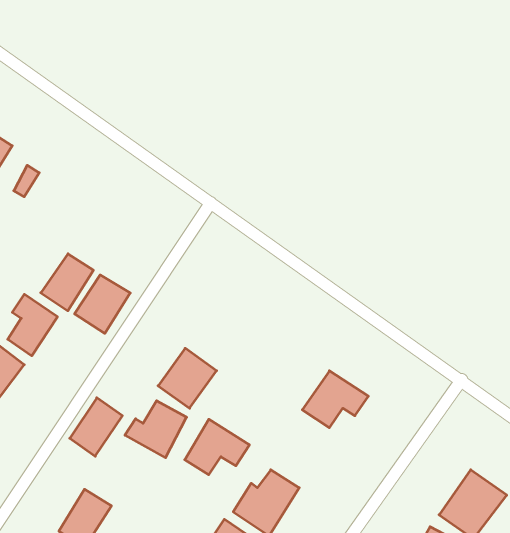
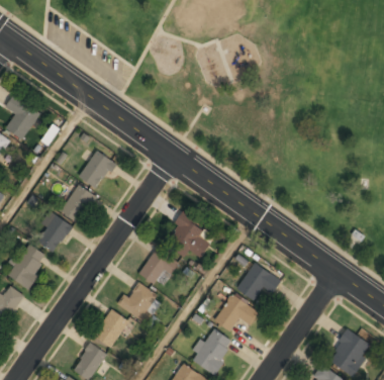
building: [75,275,130,333] -> [78,150,115,189]
building: none -> [165,213,209,258]
building: [70,398,122,456] -> [93,309,128,349]
building: [185,419,249,475] -> [214,294,258,331]

